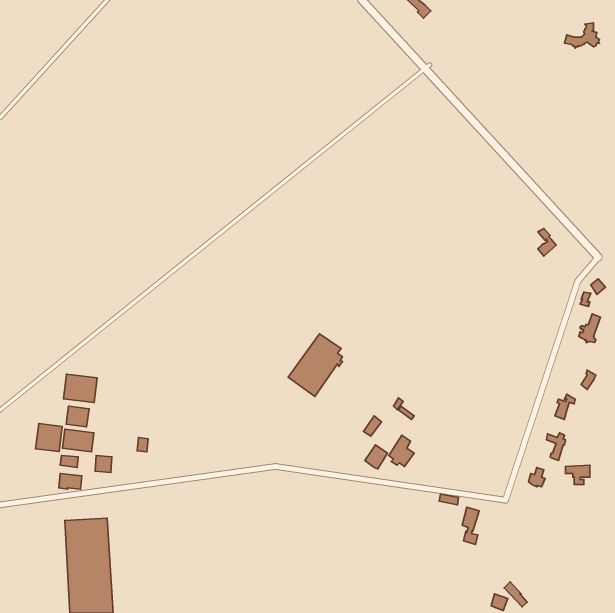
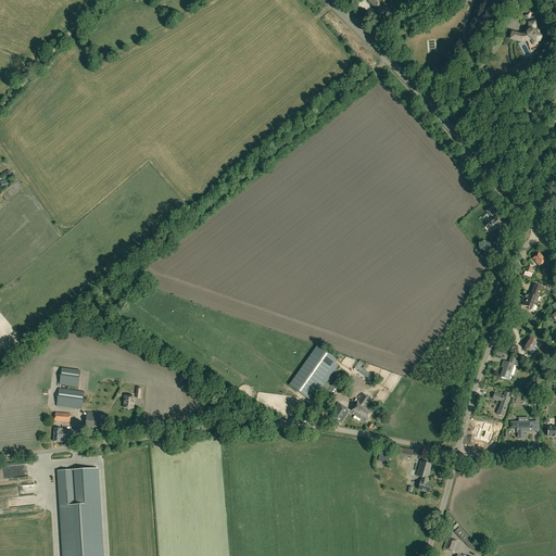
building: [288,334,342,396] -> [289,345,338,402]
building: [63,374,97,402] -> none
building: [36,424,62,452] -> none

